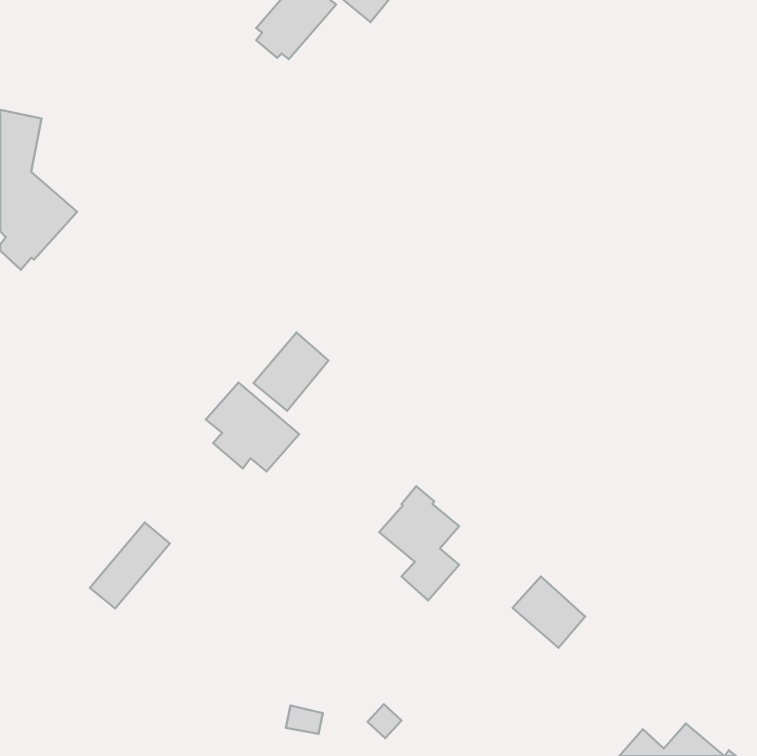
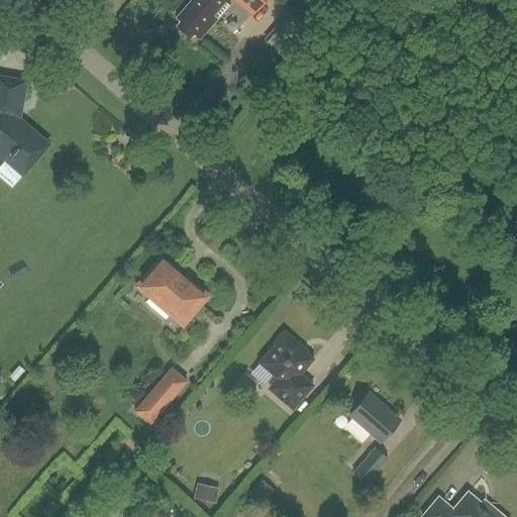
building: [253,333,329,411] -> none
building: [90,523,170,609] -> [132,366,187,424]
building: none -> [352,446,387,484]

